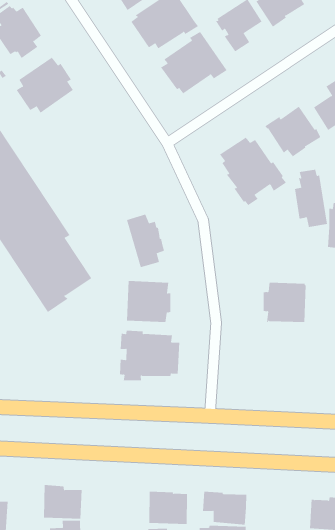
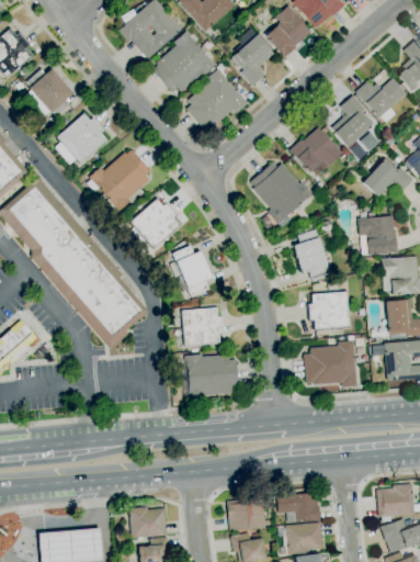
building: none -> [87,151,150,212]
building: none -> [129,198,181,250]
building: [294,169,328,228] -> [294,225,329,280]
building: none -> [304,341,357,389]

